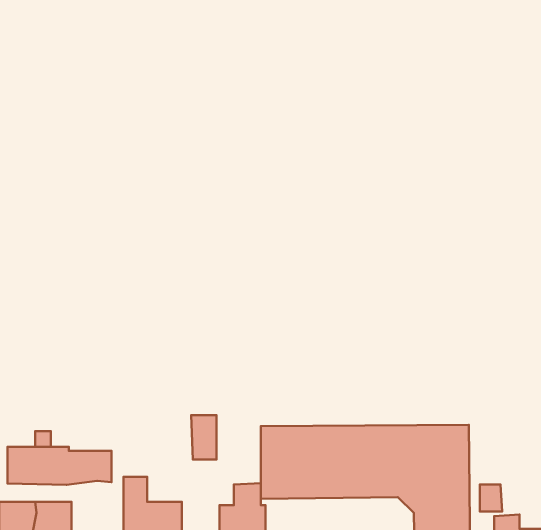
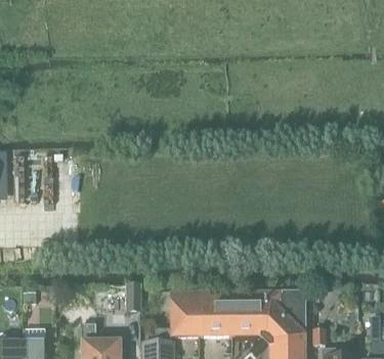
building: [7,447,112,485] -> none

